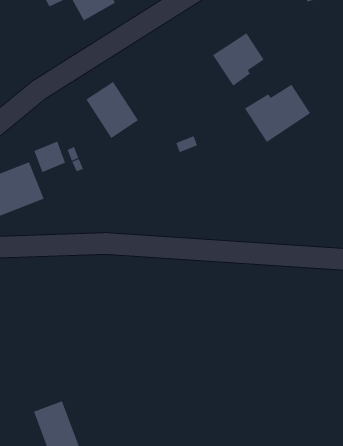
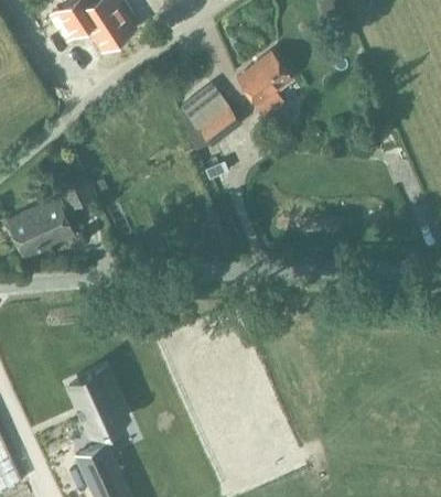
building: [85,81,139,139] -> [182,84,238,143]
building: [244,84,311,143] -> none
building: none -> [68,368,128,435]

